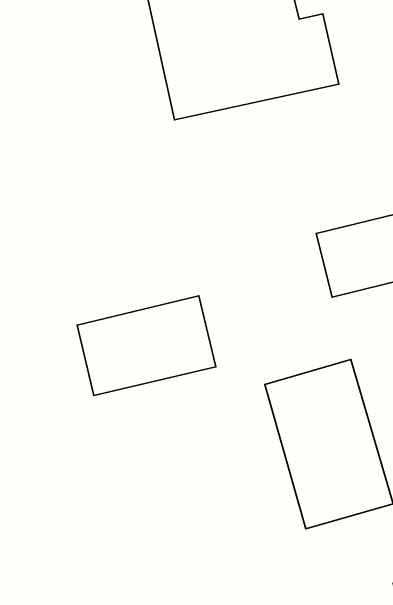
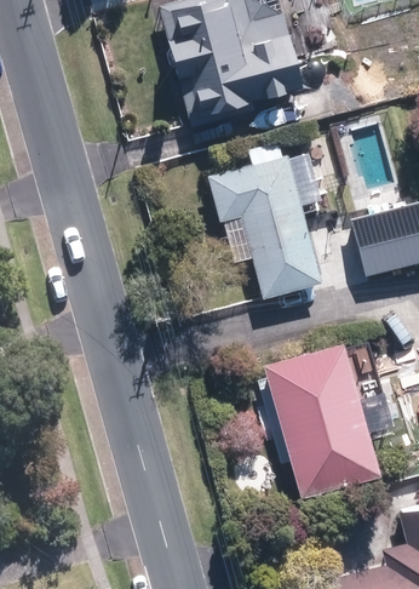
building: none -> [207,144,322,299]
building: [77,296,216,395] -> none

